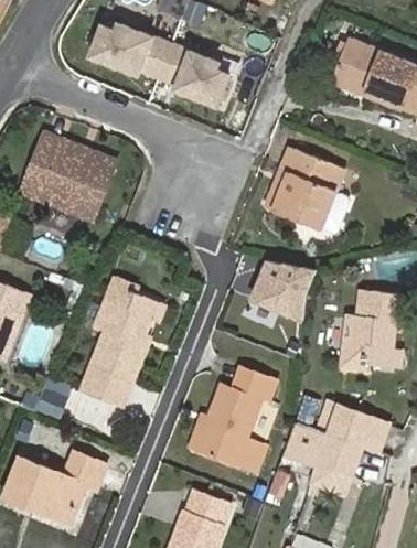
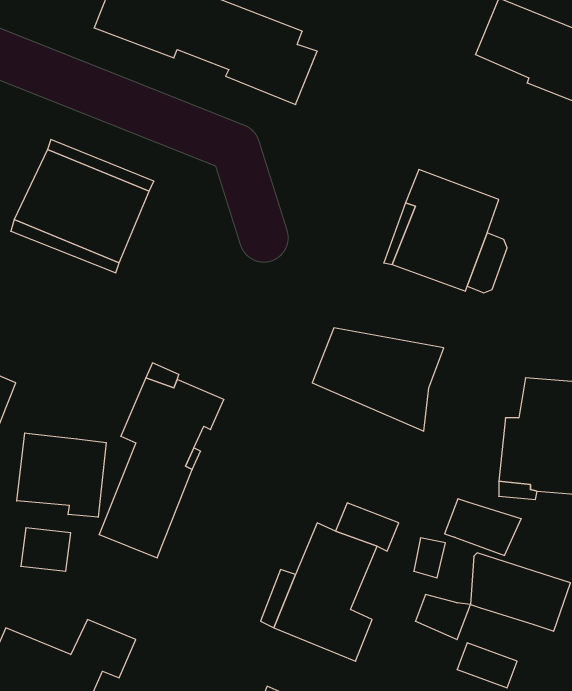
building: none -> [17,433,106,517]
building: [317,438,367,475] -> [445,499,521,555]

